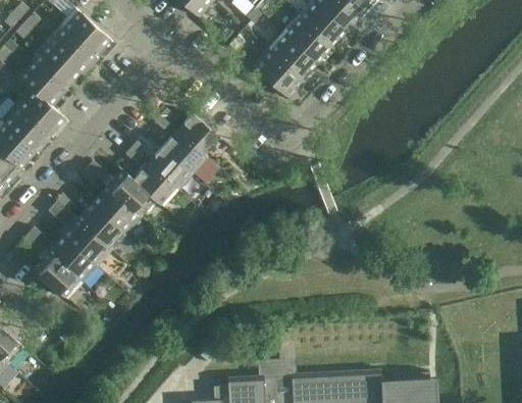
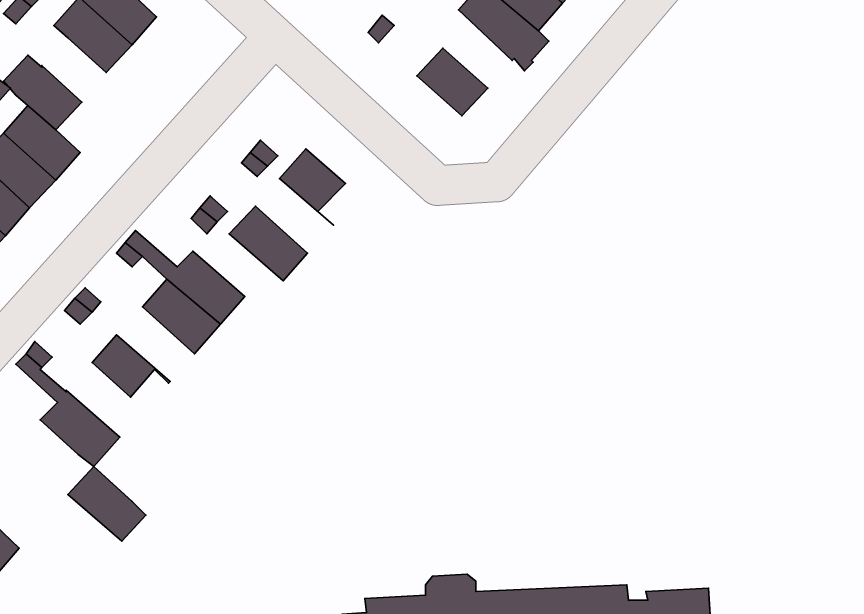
building: [266,33,313,79] -> none
building: [37,49,74,87] -> none
building: [162,132,208,175] -> none
building: [133,164,178,208] -> none
building: [81,207,126,251] -> none
building: [51,240,97,284] -> [68,467,146,541]

